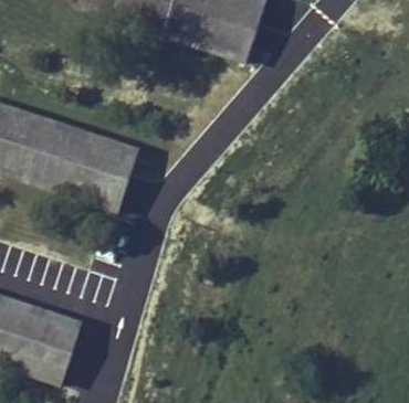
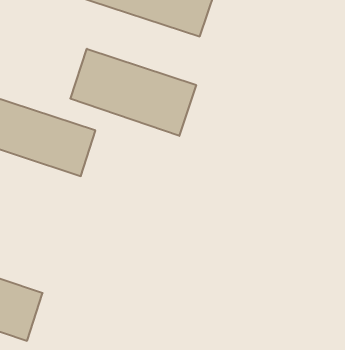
building: none -> [70,49,196,136]

